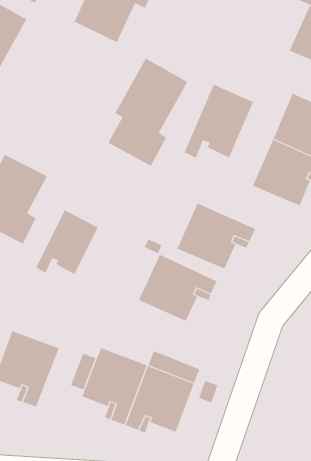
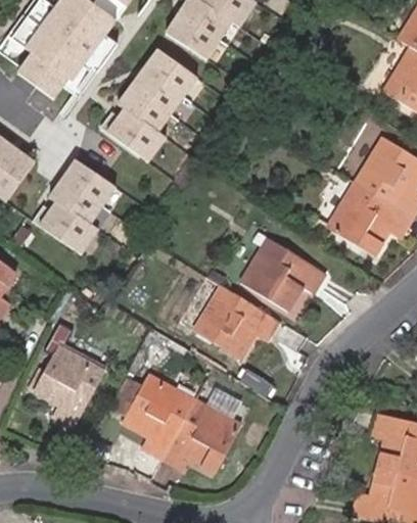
building: [107,58,188,167] -> [107,50,199,163]
building: [184,84,254,158] -> none
building: [35,210,99,275] -> none

